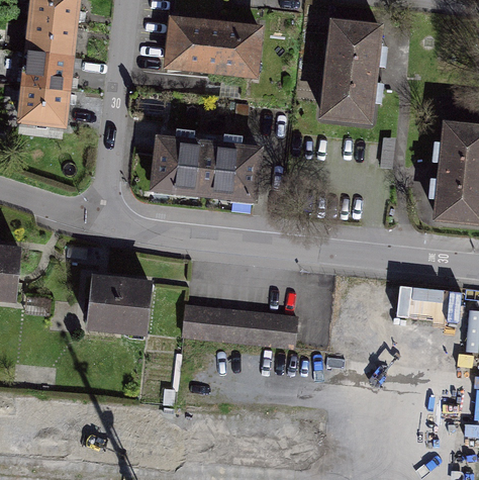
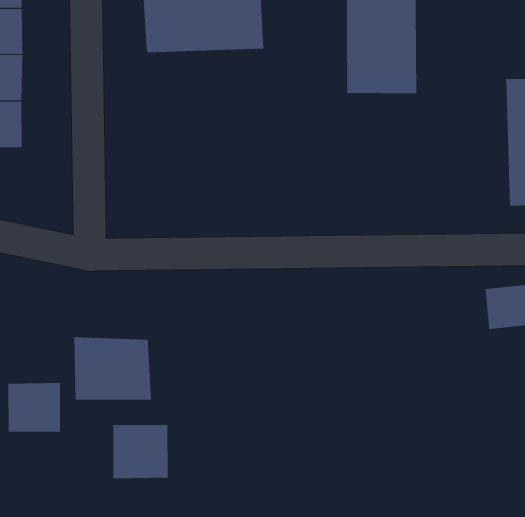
building: [148,141,251,203] -> none
building: [185,292,303,341] -> none
building: none -> [8,382,61,433]
building: none -> [113,424,168,479]

